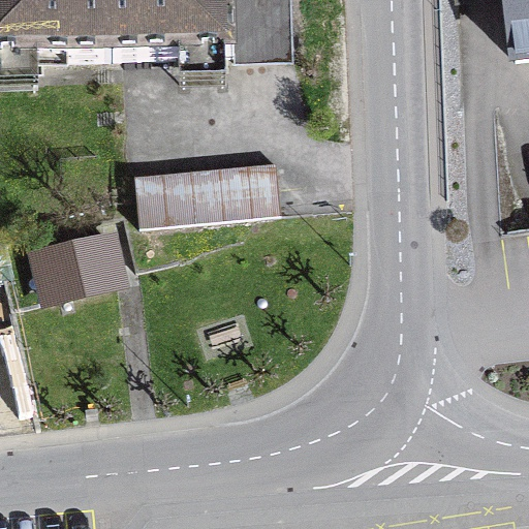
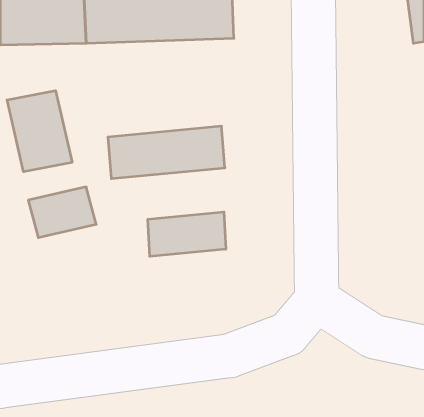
building: none -> [7,91,72,172]
building: none -> [148,212,226,256]

